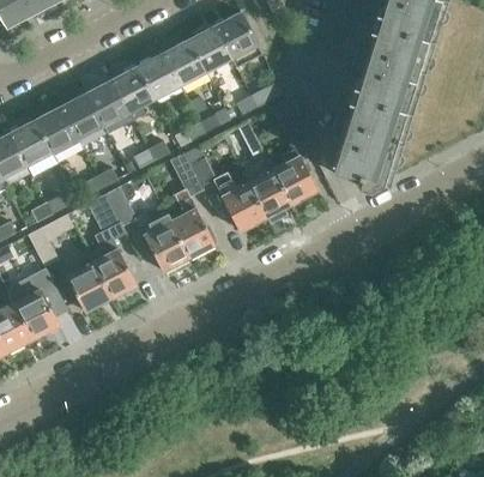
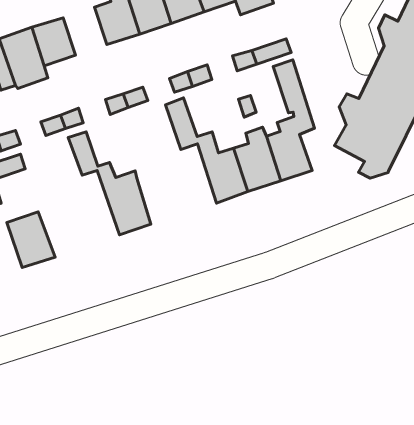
building: [85,80,126,123] -> none
building: [169,153,214,256] -> none
building: [90,194,137,297] -> none

